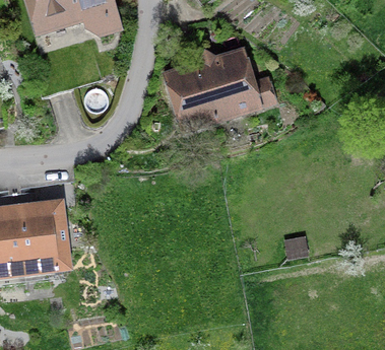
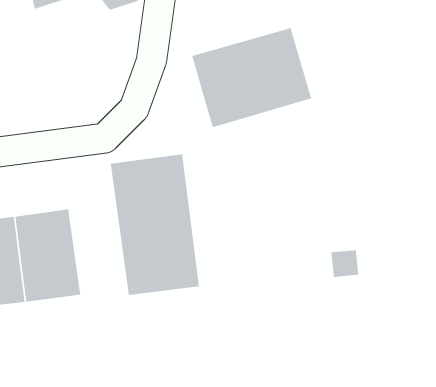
building: none -> [110,153,200,296]

